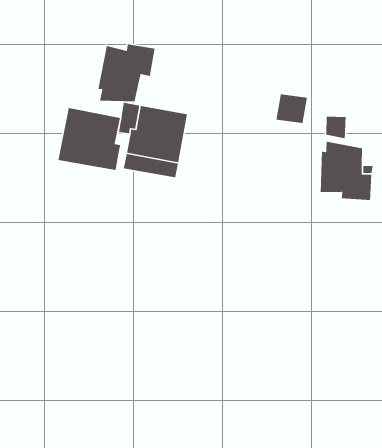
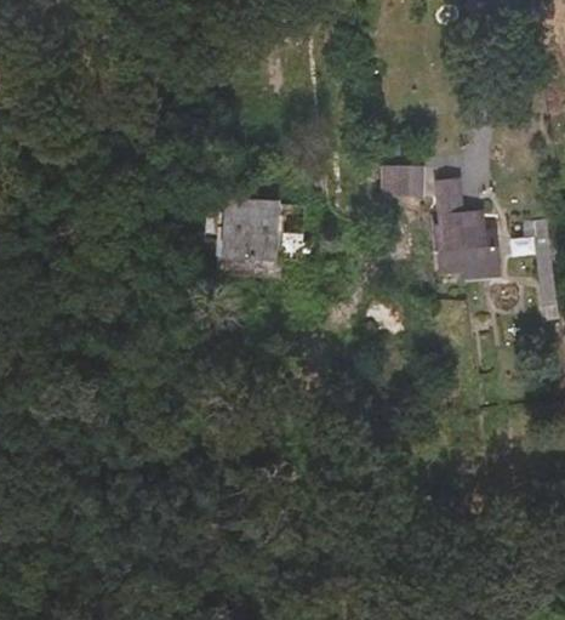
building: [97,43,155,102] -> none
building: [58,107,121,171] -> none

